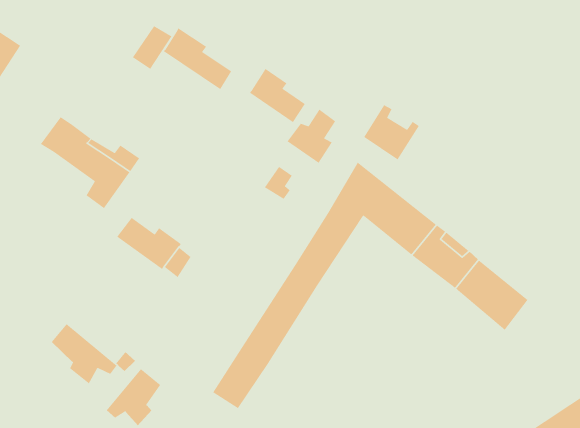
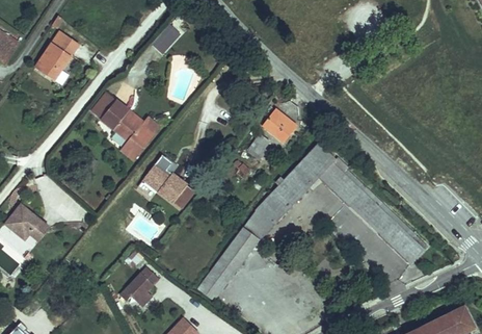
building: [163,27,232,90] -> none
building: [249,68,306,123] -> none
building: [363,104,420,161] -> none
building: [51,323,118,384] -> none

